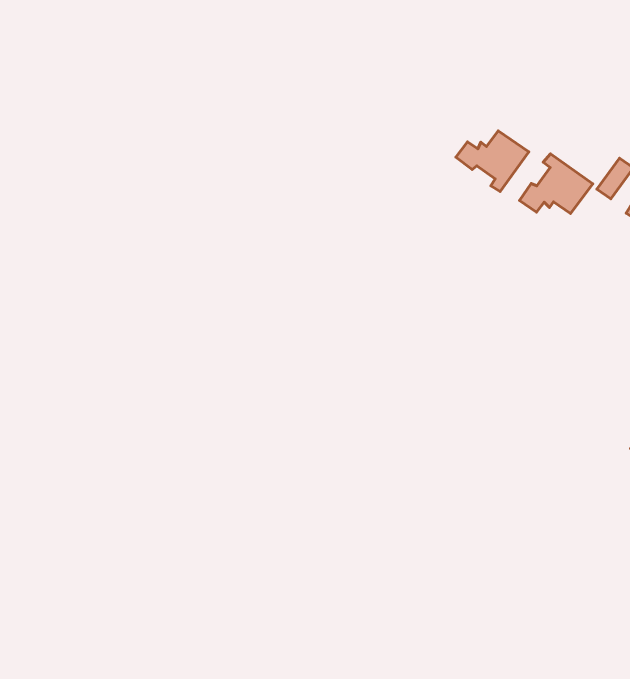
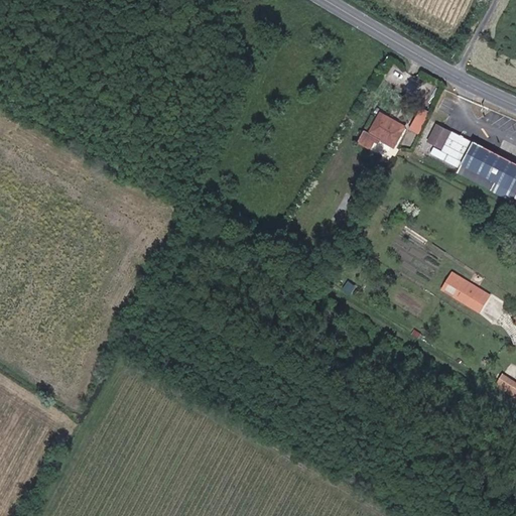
building: [456,131,529,192] -> none

